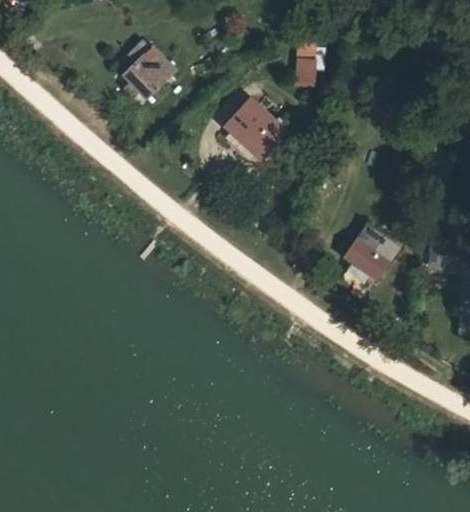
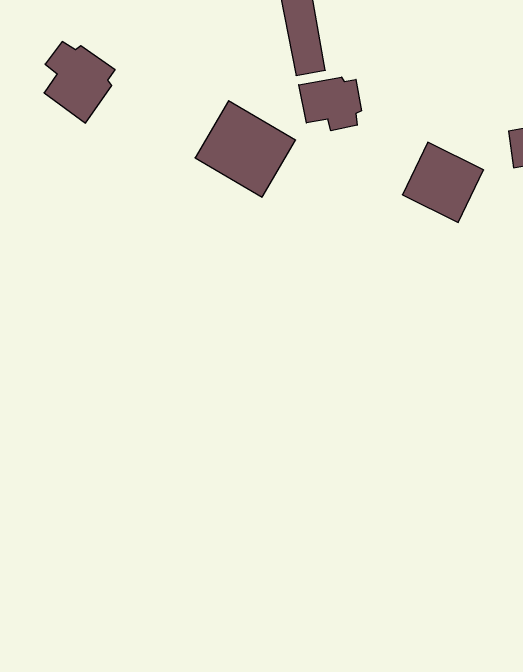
building: none -> [299,77,361,131]
building: [349,229,406,286] -> [402,142,484,222]

